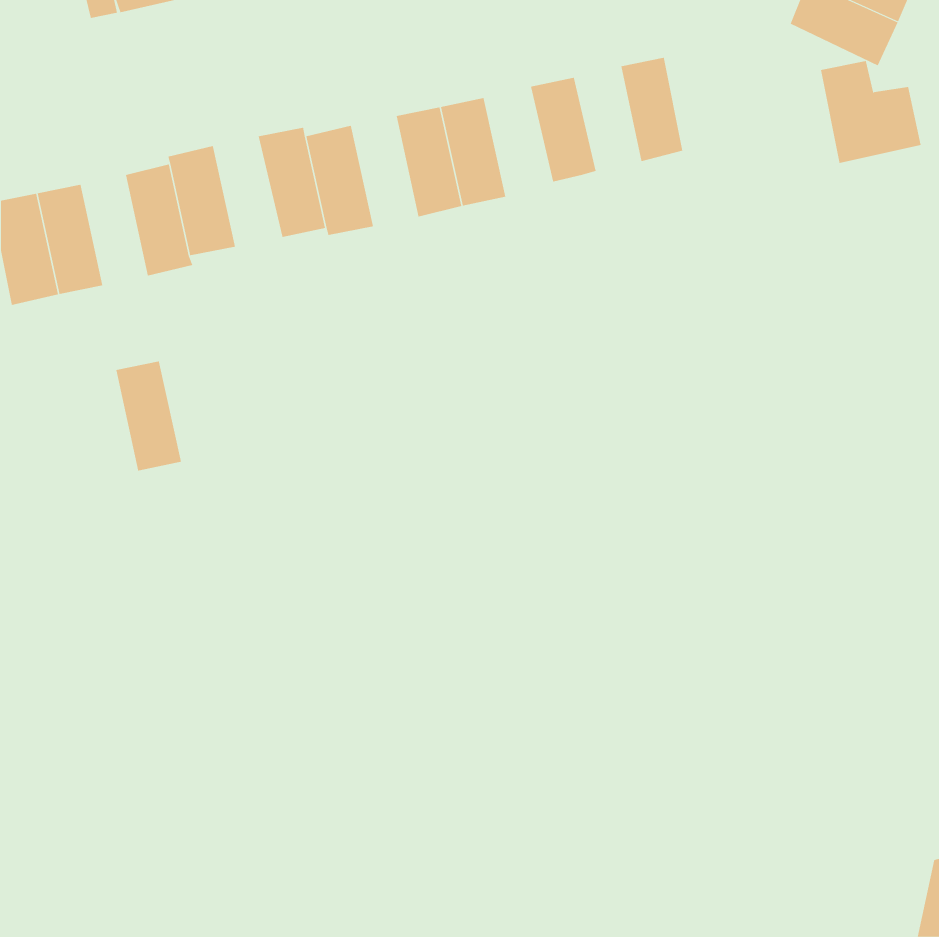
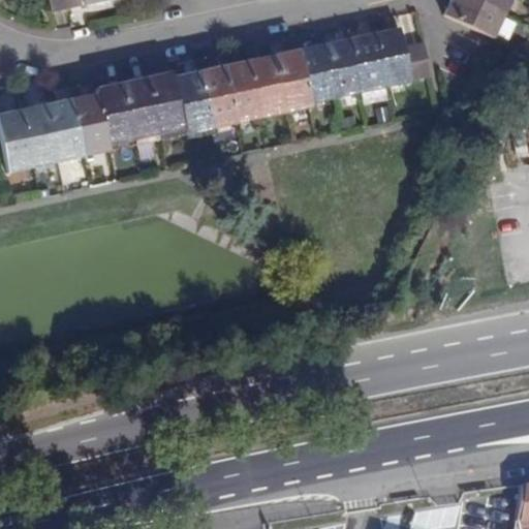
building: [820,61,922,164] -> [374,27,431,85]
building: none -> [323,37,361,96]
building: none -> [273,49,311,111]
building: none -> [198,65,236,127]
building: none -> [121,76,159,138]
building: [115,361,182,471] -> [46,98,84,160]

